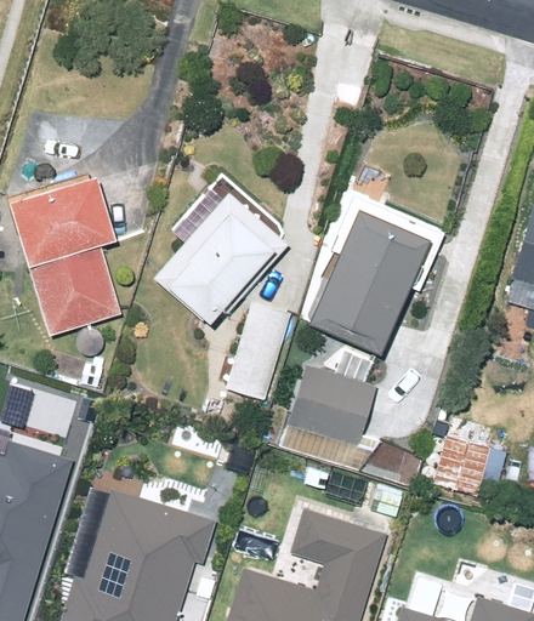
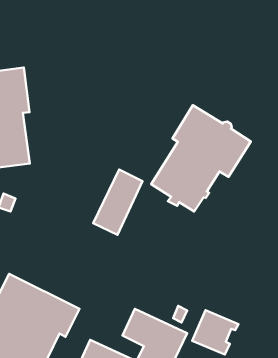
building: [149,180,285,319] -> none
building: [278,366,379,474] -> none
building: [431,438,496,500] -> [192,310,238,355]

